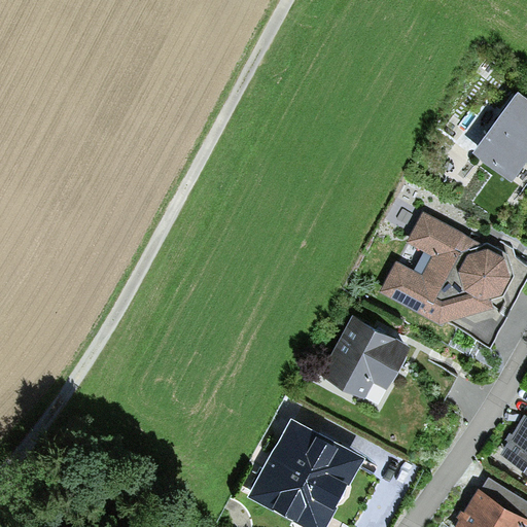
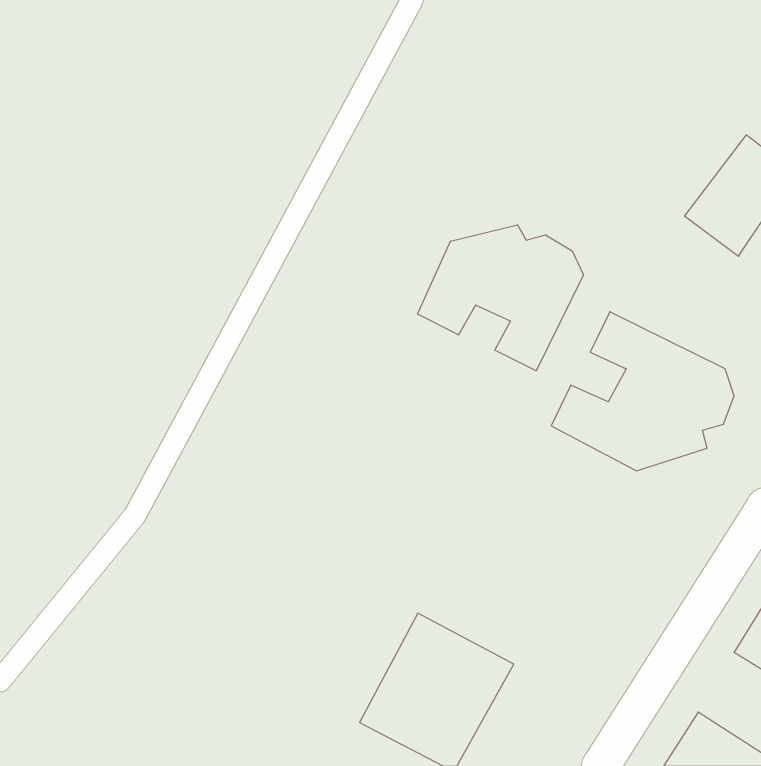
building: none -> [417,225,583,371]
building: [325,320,402,390] -> none

